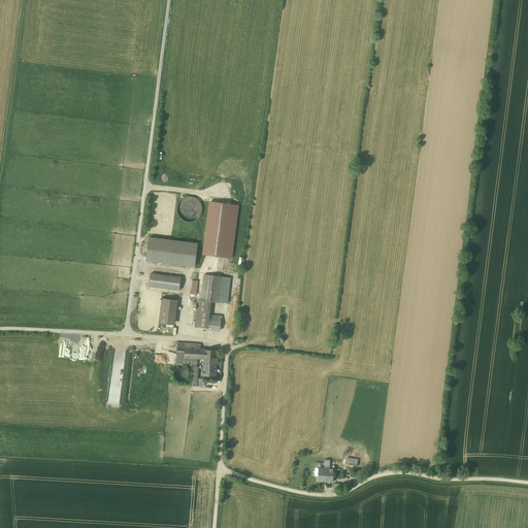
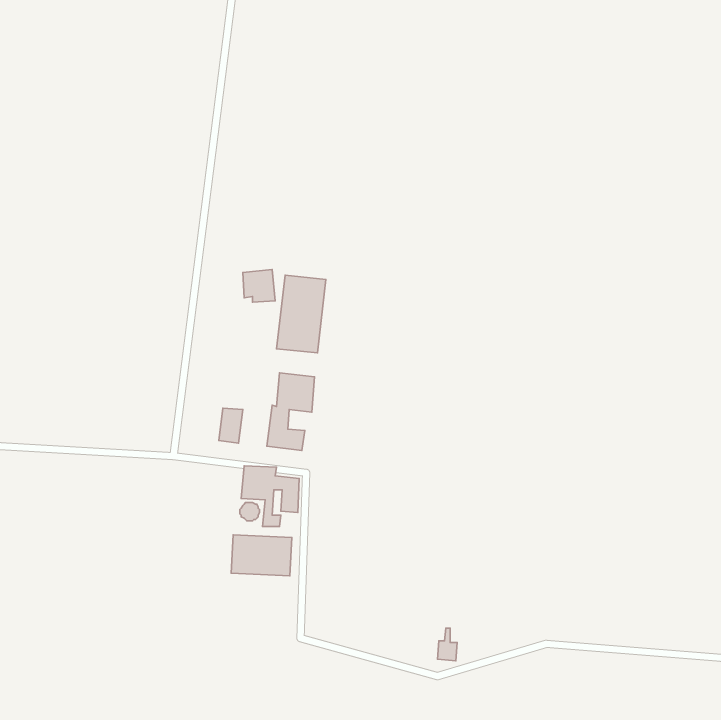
building: [144,238,196,266] -> none
building: [147,269,180,293] -> none
building: none -> [231,535,292,576]

